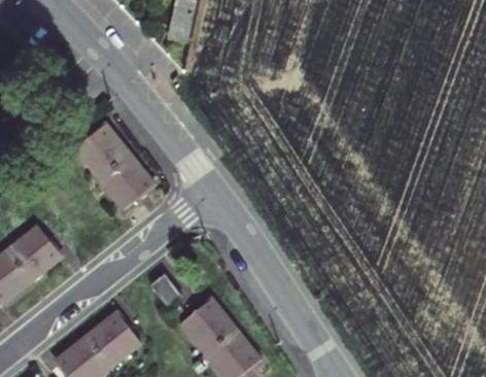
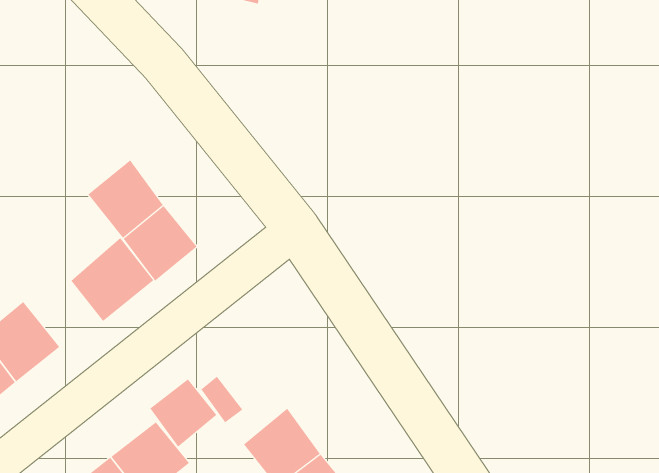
building: none -> [70,237,154,322]
building: none -> [149,379,217,448]

